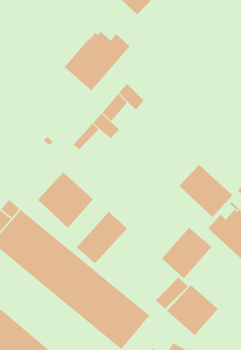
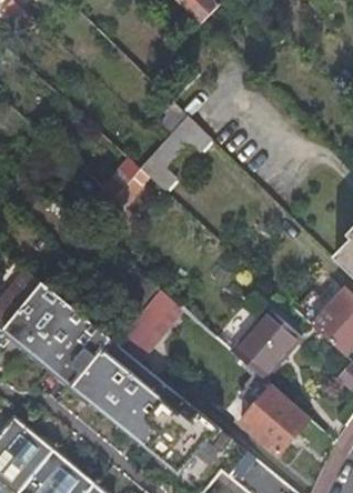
building: [64,31,131,91] -> none
building: [178,164,233,218] -> none
building: [37,172,94,229] -> none

